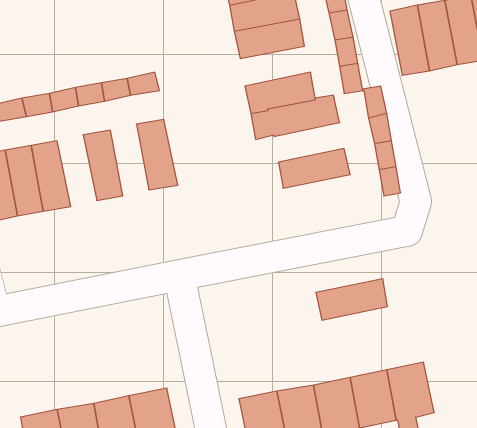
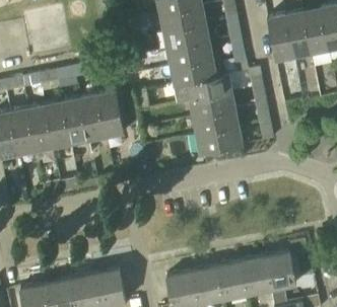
building: none -> [166,42,213,68]
building: none -> [189,92,235,119]
building: none -> [80,93,106,141]
building: none -> [45,100,71,148]
building: [316,279,388,320] -> [195,127,243,154]

